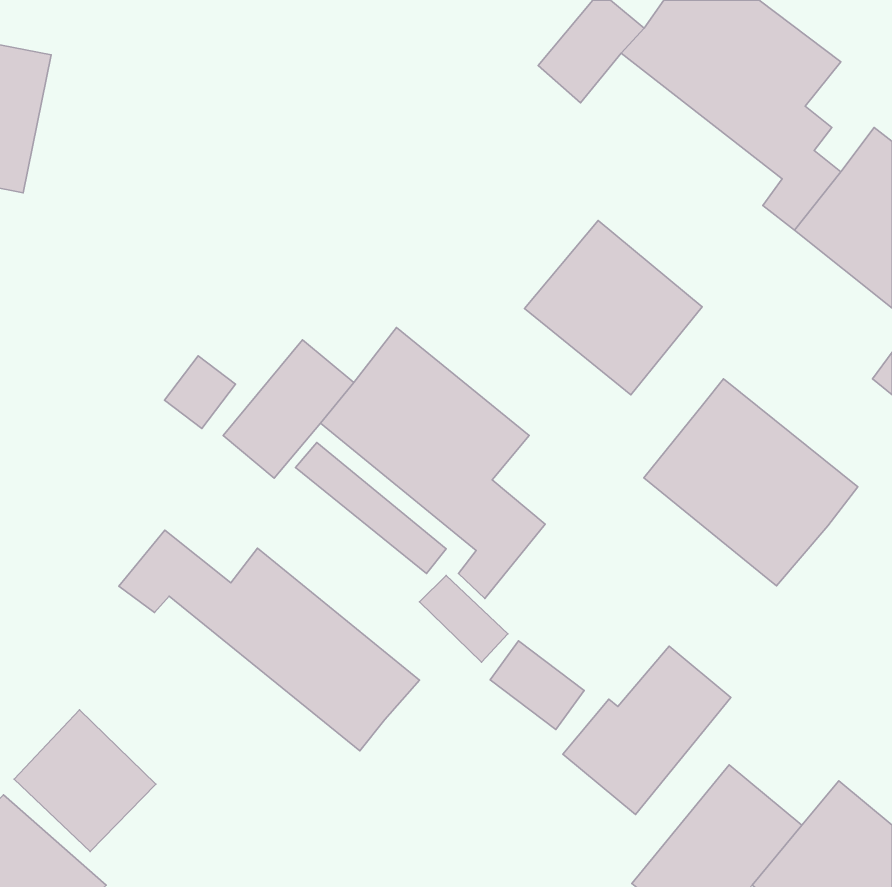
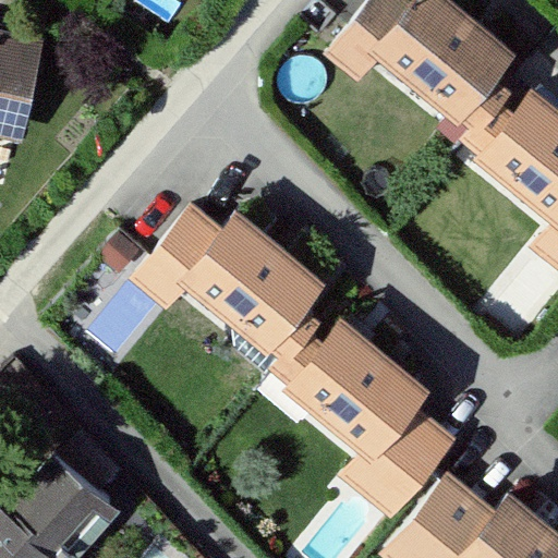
building: [525,221,702,395] -> none
building: [644,379,858,586] -> [299,318,430,446]
building: [119,530,420,751] -> none

